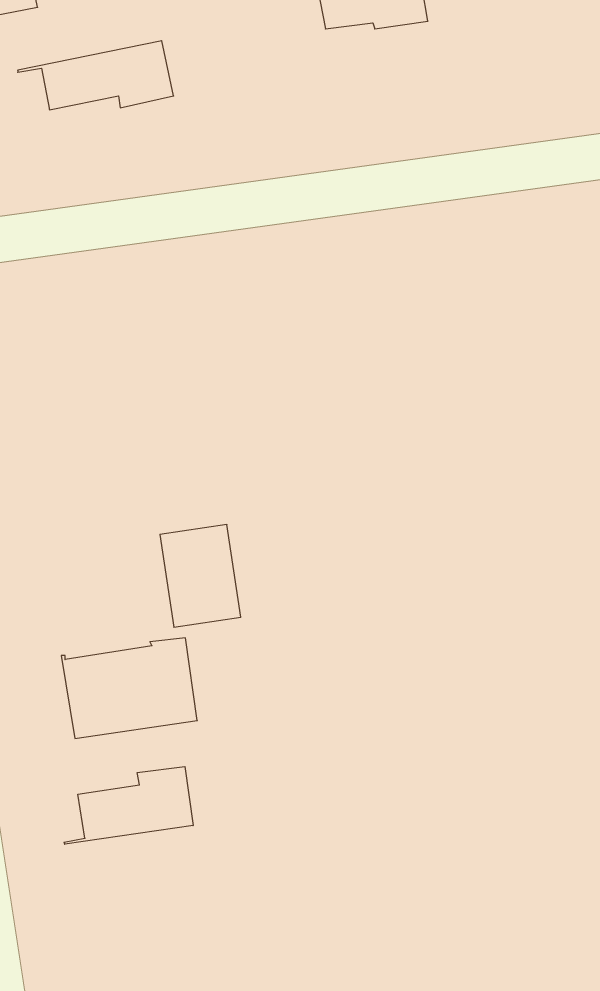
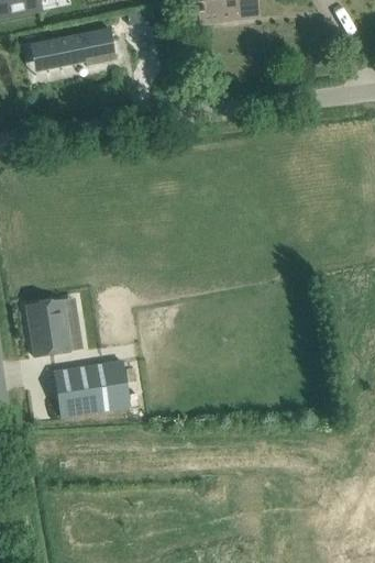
building: [160,525,241,627] -> [25,299,70,356]
building: [64,767,193,844] -> none

